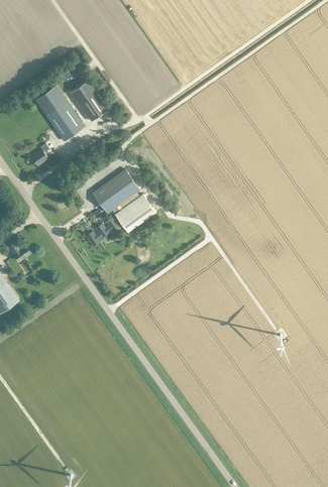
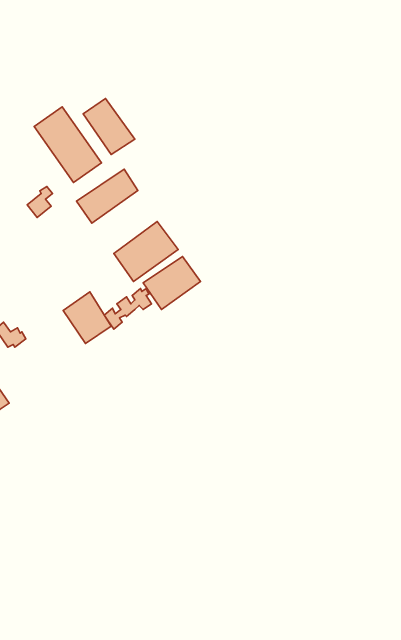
building: none -> [77,169,138,223]
building: none -> [63,292,111,344]

